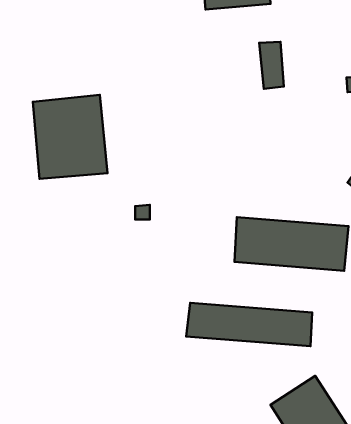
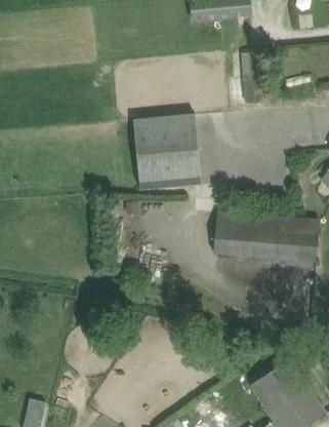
building: [33,95,108,179] -> [132,112,201,189]
building: [186,303,312,346] -> none

